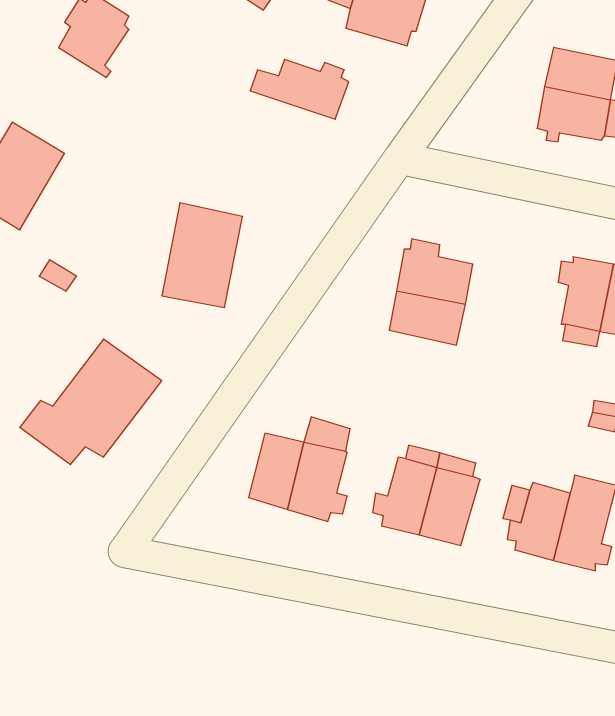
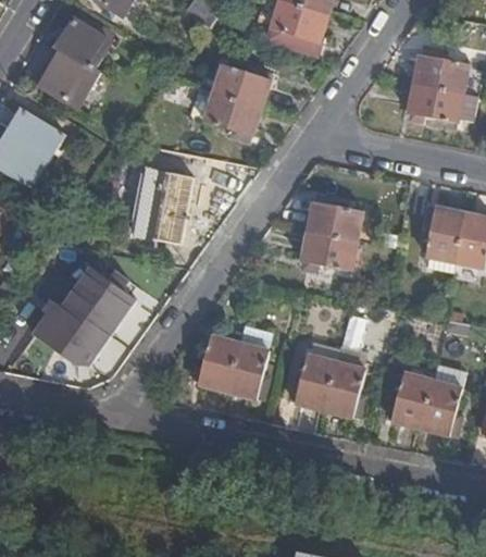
building: none -> [42,55,95,106]
building: none -> [189,87,261,144]

